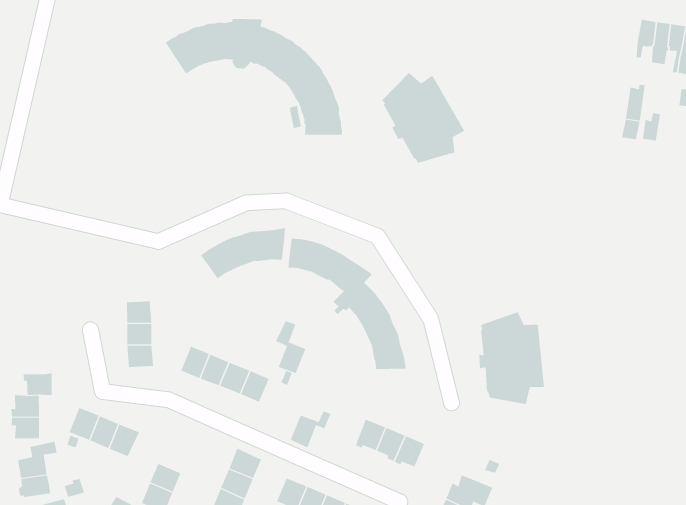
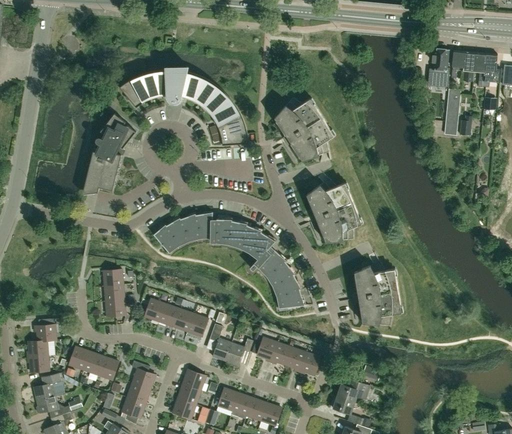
building: none -> [428,48,449,85]
building: none -> [82,113,135,194]
building: none -> [306,178,361,242]
building: [275,321,306,374] -> [208,324,230,361]
building: none -> [251,338,276,362]
building: none -> [131,360,154,389]

